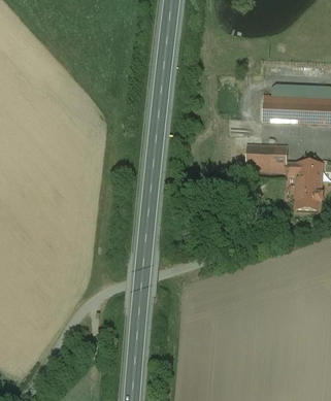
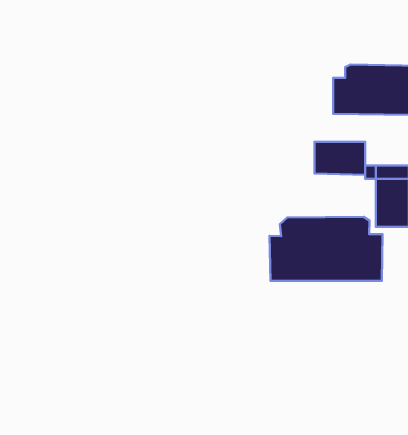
building: none -> [269,217,382,281]

